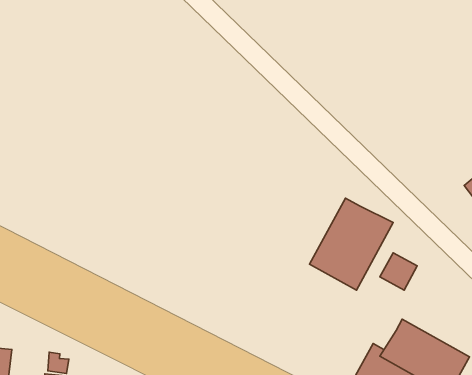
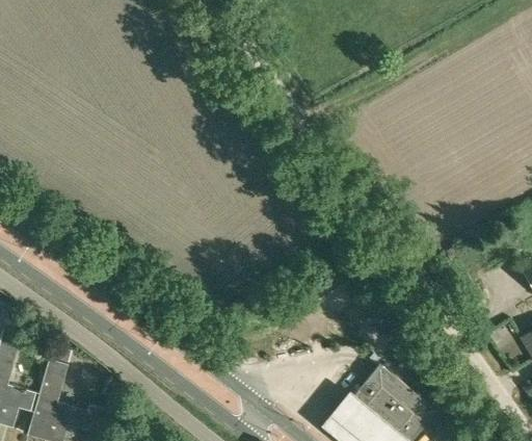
building: [310,198,393,290] -> none

